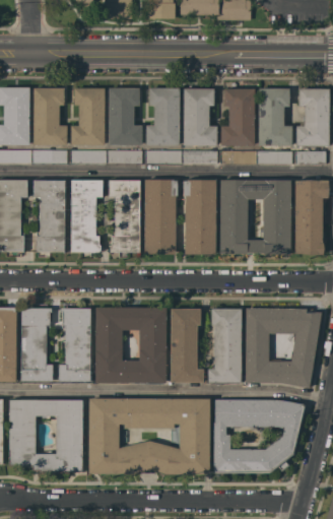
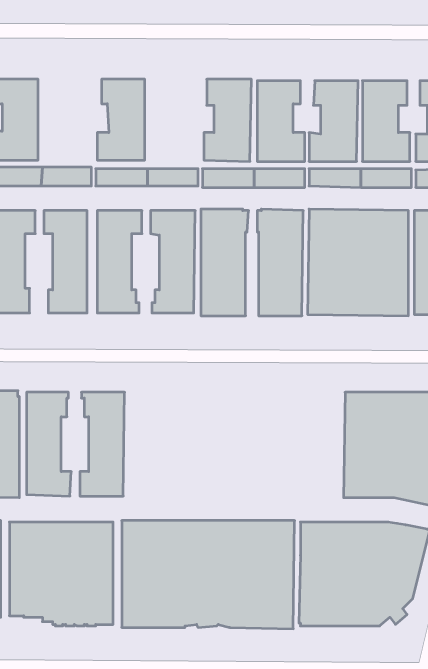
building: [34,87,67,144] -> none
building: [109,87,141,144] -> none
building: [95,307,166,382] -> none
building: [171,308,203,382] -> none
building: [207,308,241,382] -> none

